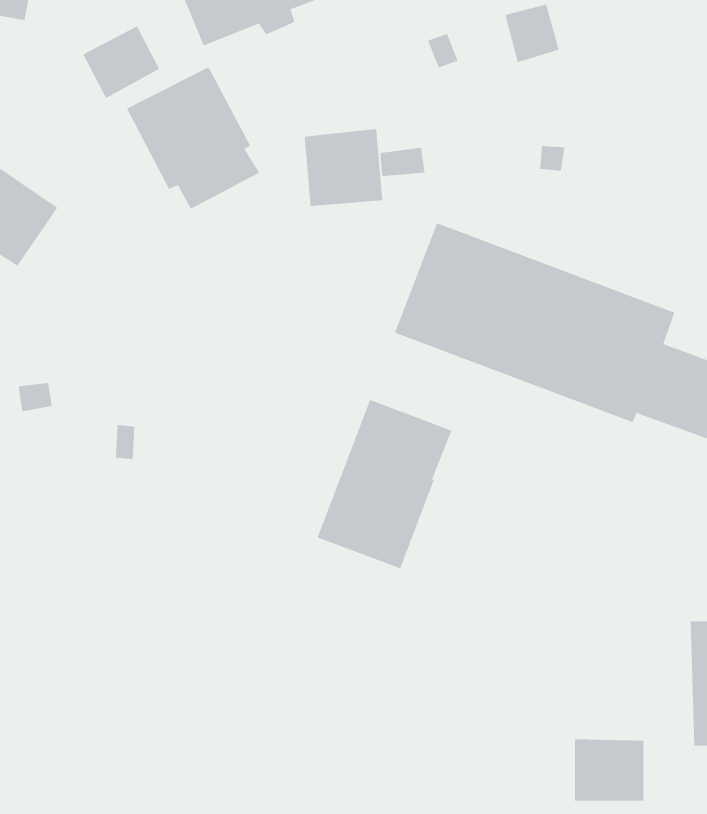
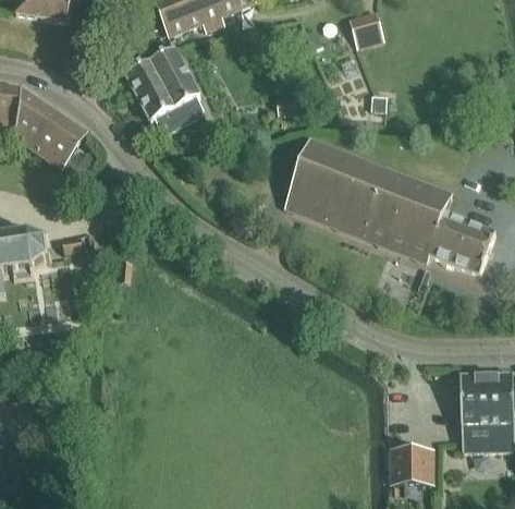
building: [82,25,160,99] -> none
building: [304,128,383,207] -> none
building: [317,399,452,569] -> none

